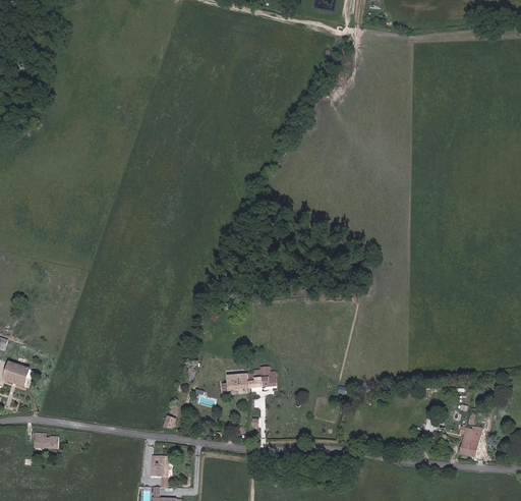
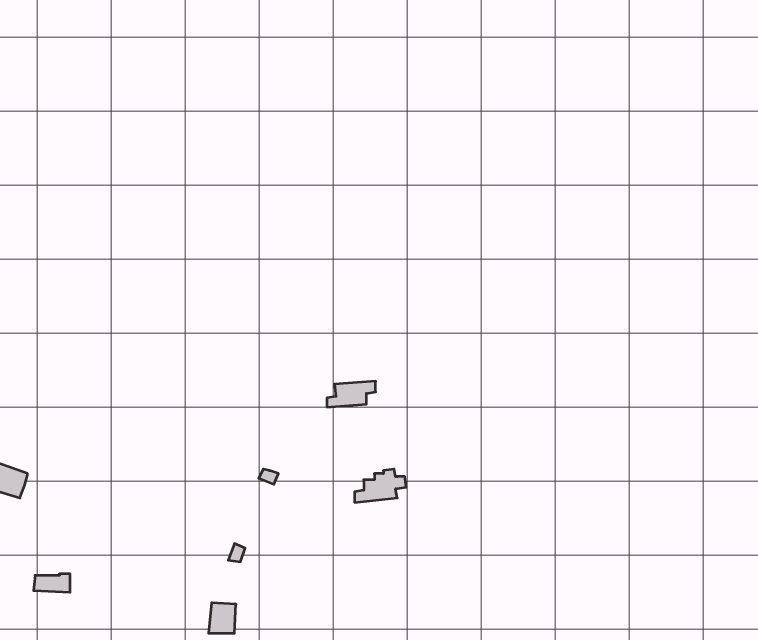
building: [221,373,253,390] -> [327,381,376,407]
building: [459,424,480,456] -> none

